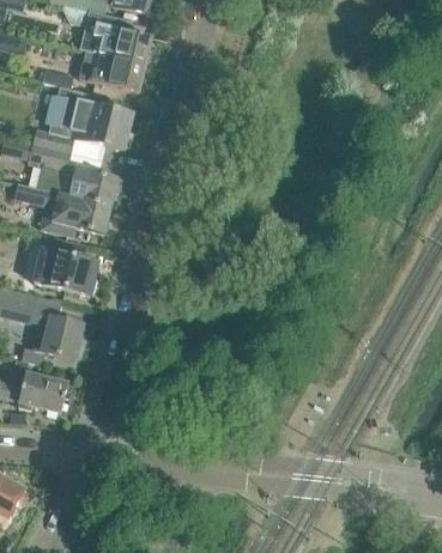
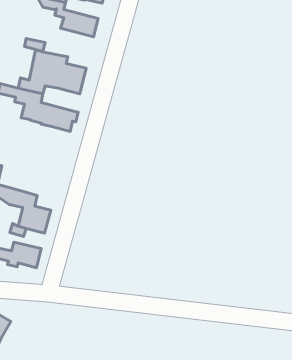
building: [77,53,144,92] -> none
building: [14,182,109,235] -> none
building: [32,236,96,294] -> none

